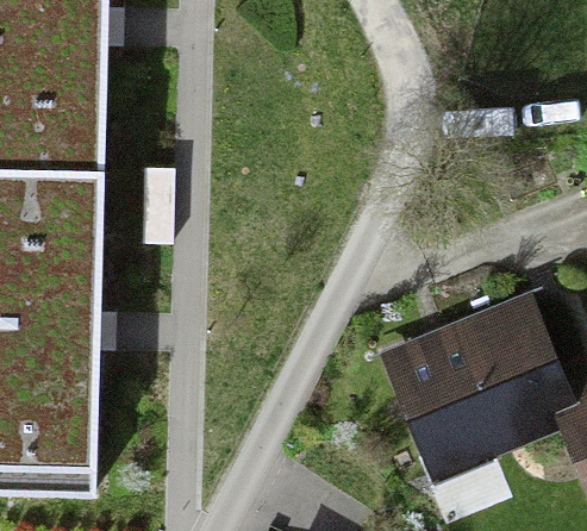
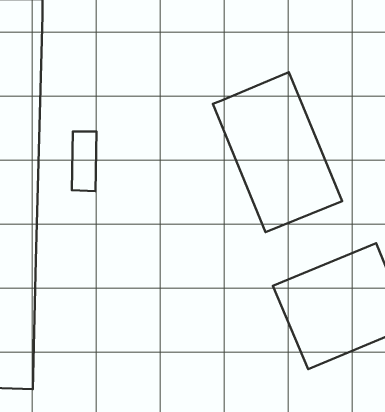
building: none -> [213,72,342,232]

